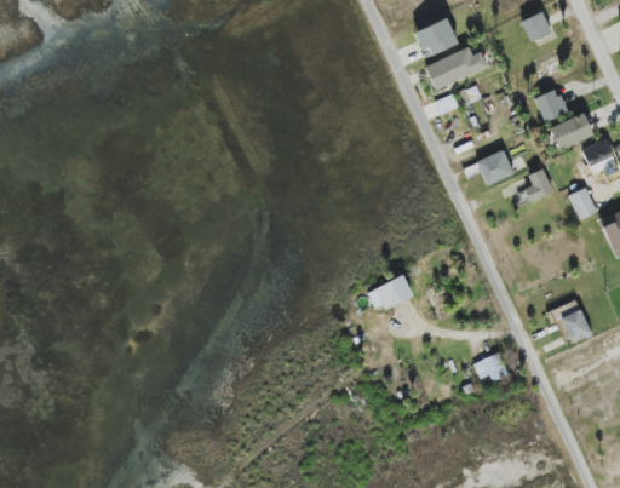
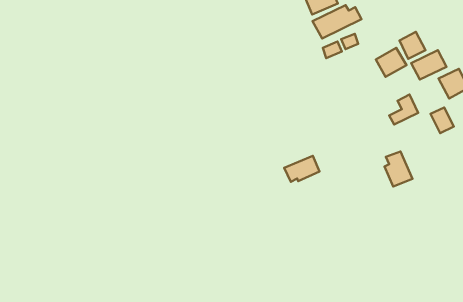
building: [476,149,515,185] -> [376,48,406,77]
building: [367,276,412,308] -> [284,156,319,182]
building: [556,299,591,344] -> [384,151,413,187]
building: [473,352,506,381] -> none

